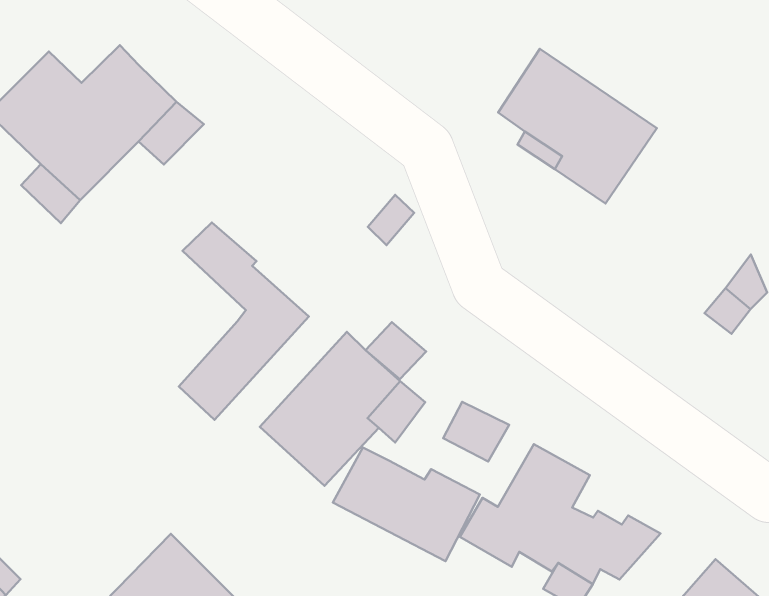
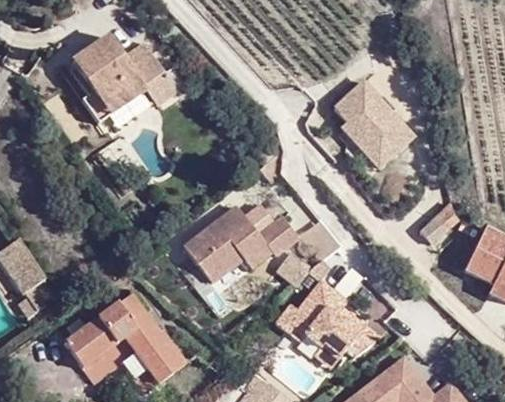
building: [179,223,309,420] -> none
building: none -> [259,218,299,257]
building: [333,447,480,561] -> none

